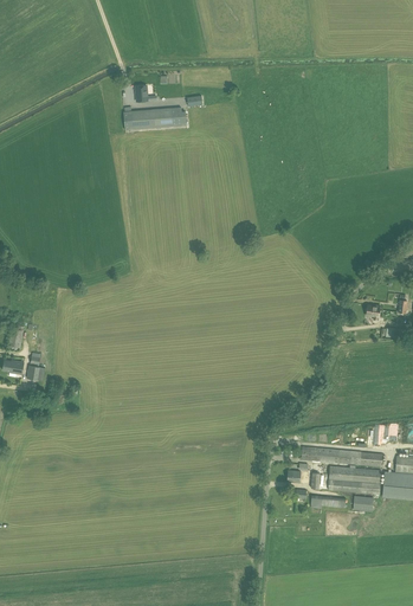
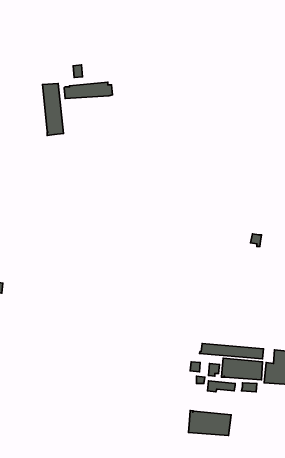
building: none -> [43,83,64,136]
building: none -> [189,410,231,436]

